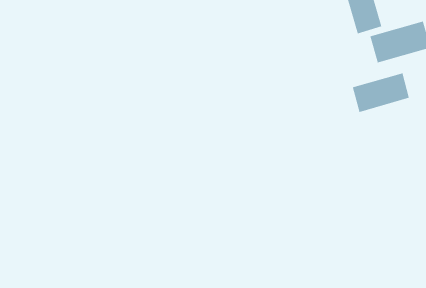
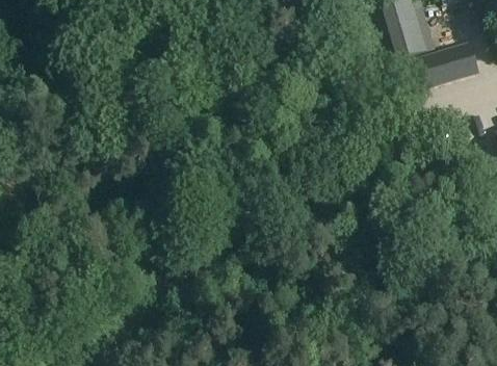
building: [352,73,410,113] -> none

